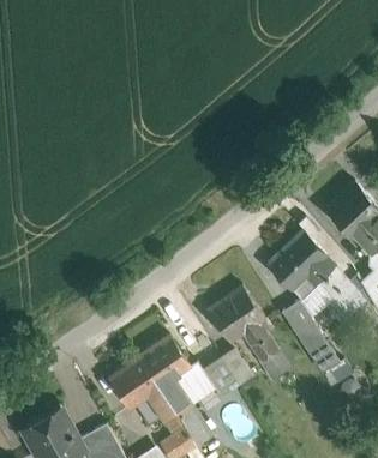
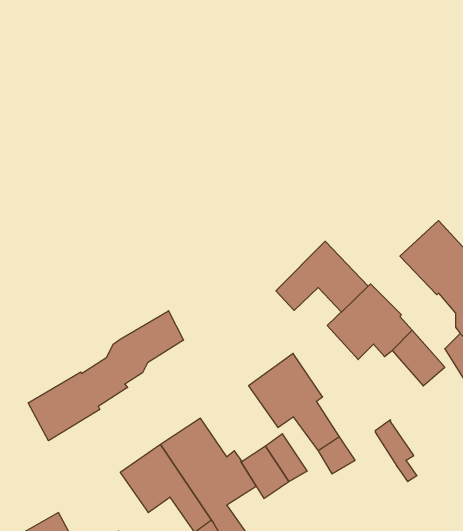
building: none -> [276,241,368,312]
building: none -> [28,311,184,441]
building: [282,301,323,346] -> none

